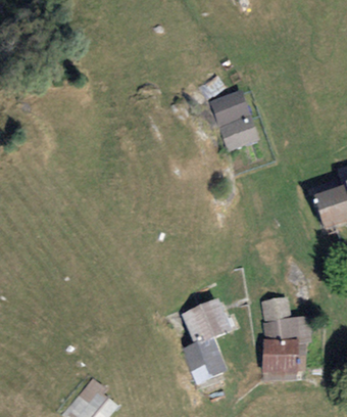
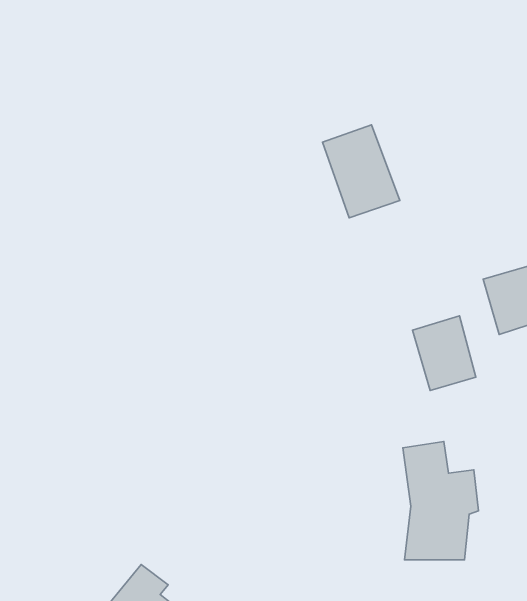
building: none -> [412,316,476,391]
building: [181,299,230,381] -> none

